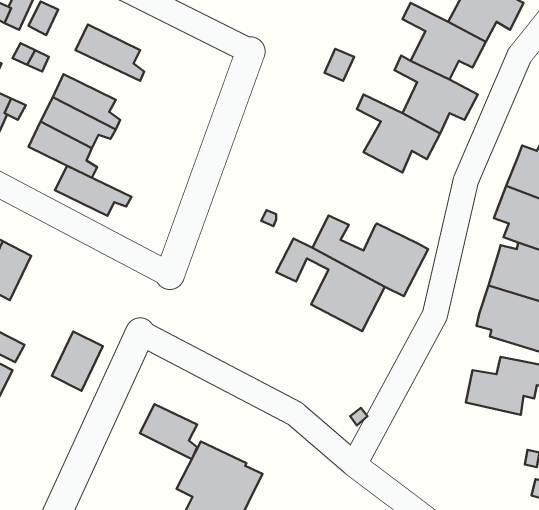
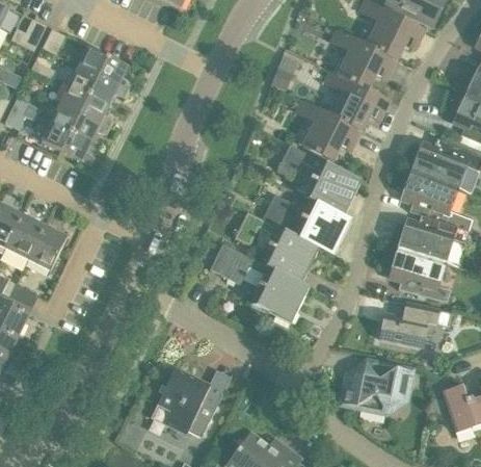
building: none -> [275,144,362,215]
building: [55,166,132,216] -> [69,66,128,104]
building: none -> [208,242,308,322]
building: [52,332,103,391] -> [27,225,66,270]
building: [140,404,197,459] -> none
building: none -> [342,361,410,412]

